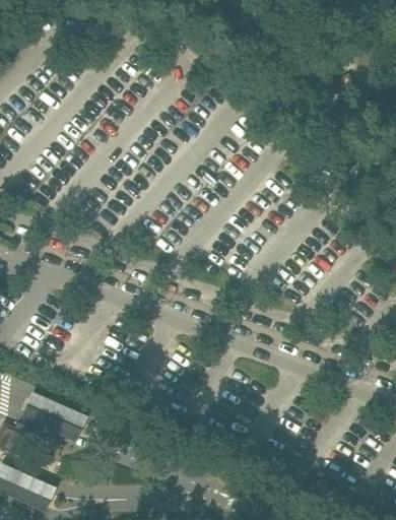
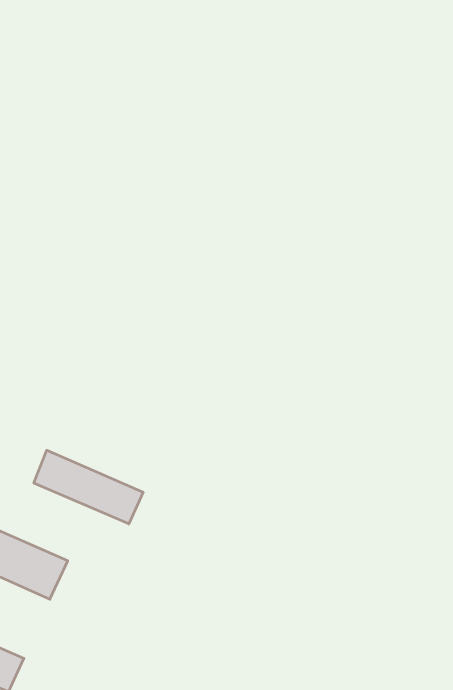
building: none -> [34,450,143,524]

